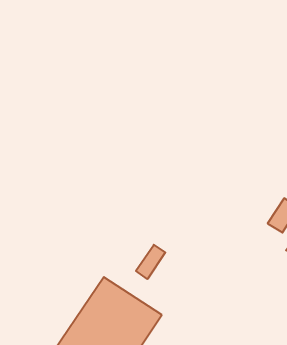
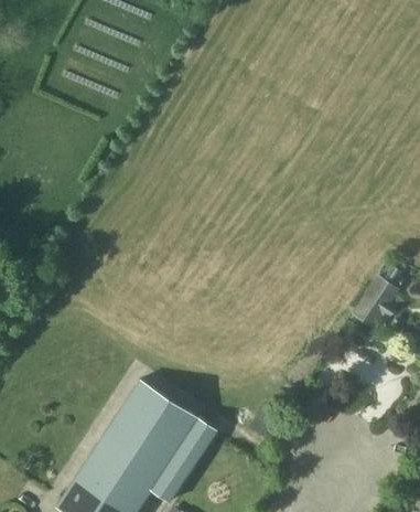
building: [136,245,165,279] -> none

